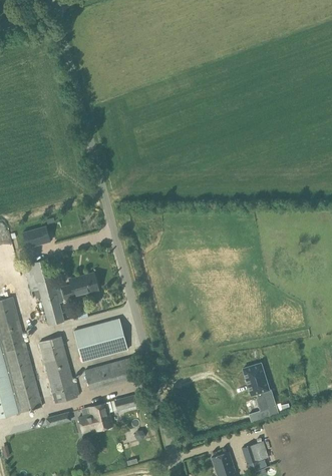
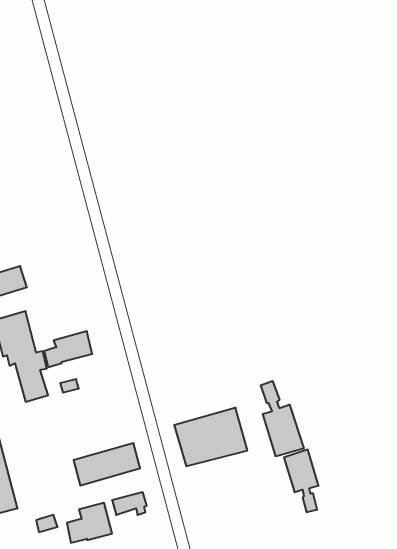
building: none -> [261,381,304,456]
building: [73,318,128,362] -> [174,408,247,466]
building: [39,336,78,403] -> none

